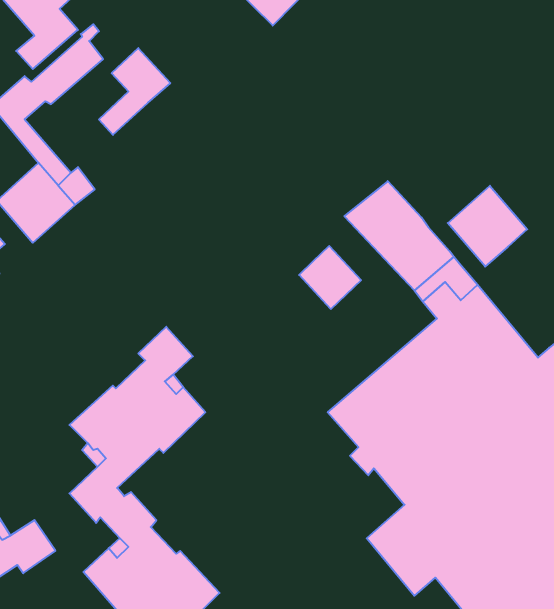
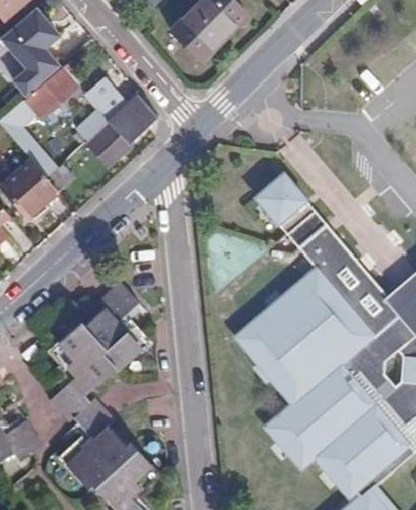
building: none -> [87,93,156,165]
building: [448,186,527,267] -> none
building: [299,246,361,309] -> none

